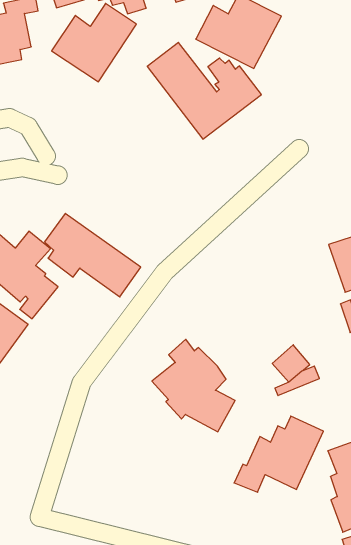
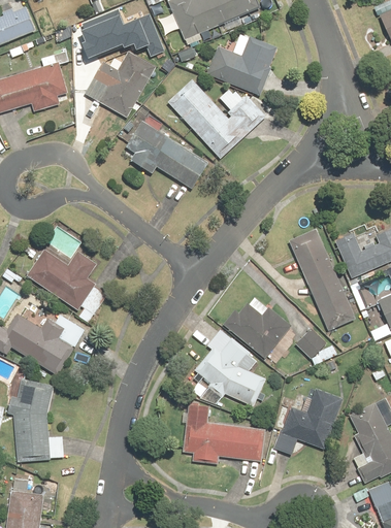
building: [45,213,141,297] -> [125,121,208,188]
building: none -> [287,228,356,331]
building: none -> [224,296,293,359]
building: none -> [181,403,265,463]

